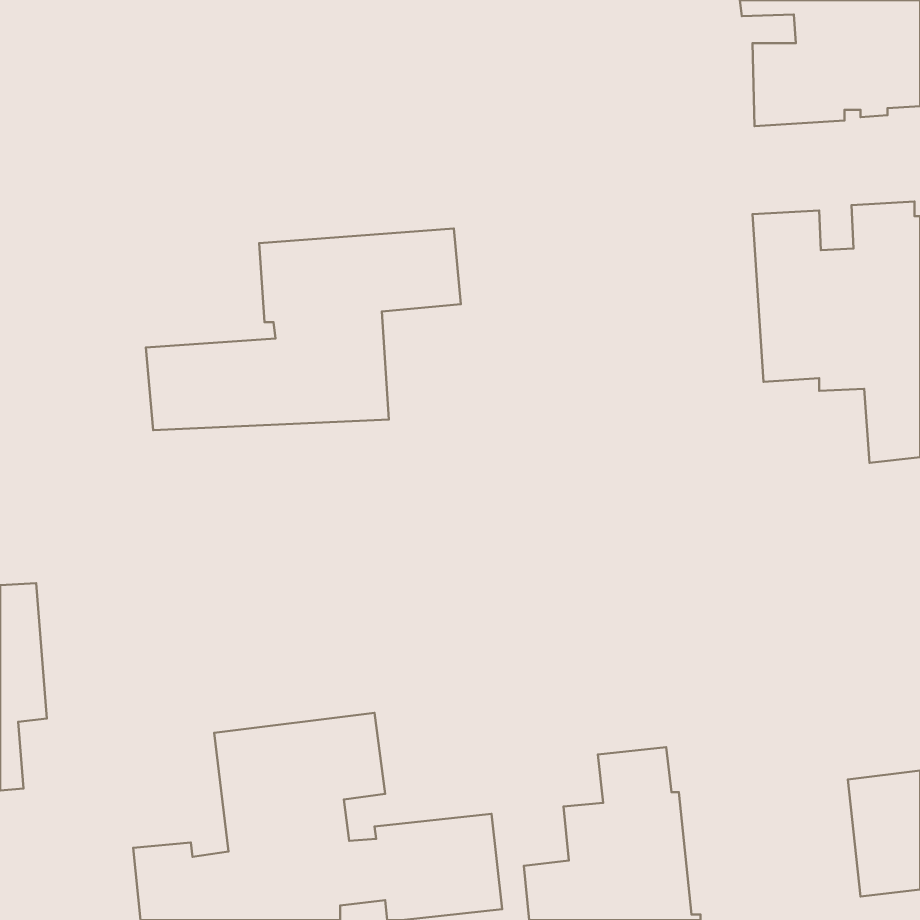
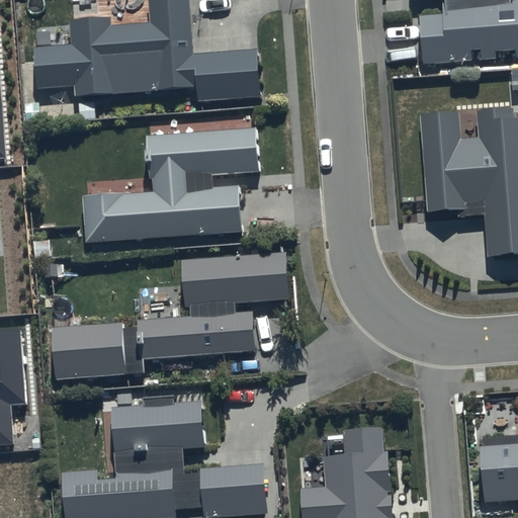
building: none -> [33,7,262,100]
building: none -> [53,251,288,378]

